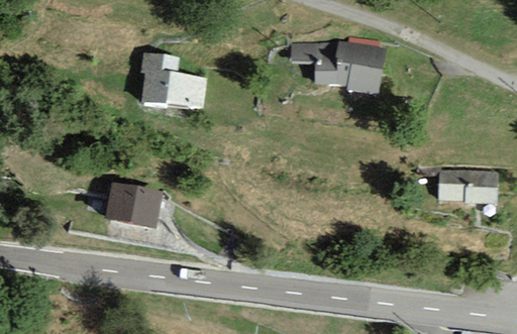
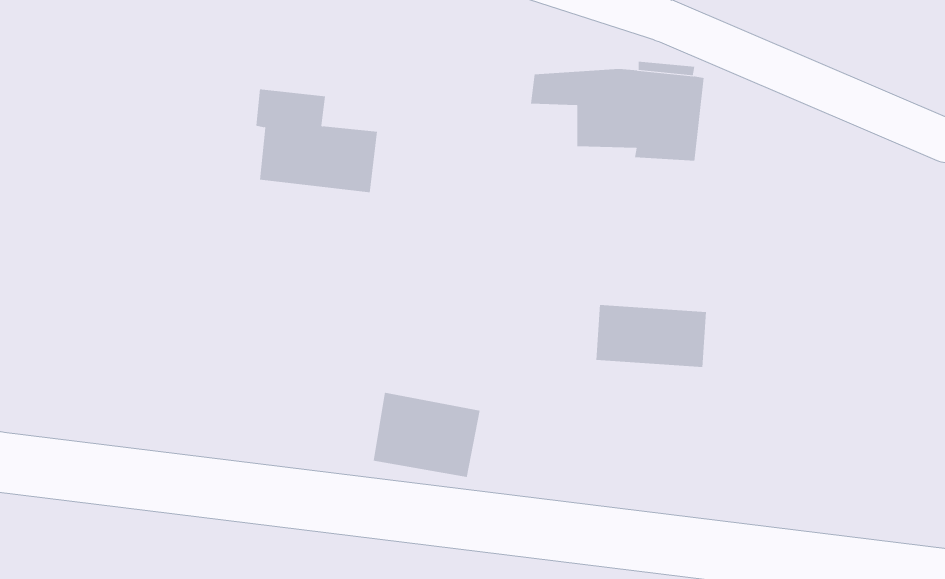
building: [437,169,498,203] -> [595,304,707,368]
building: [104,182,163,228] -> [373,392,481,477]

